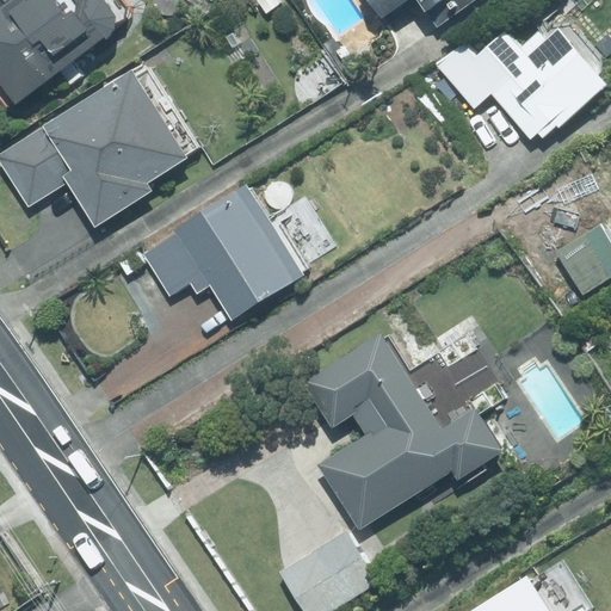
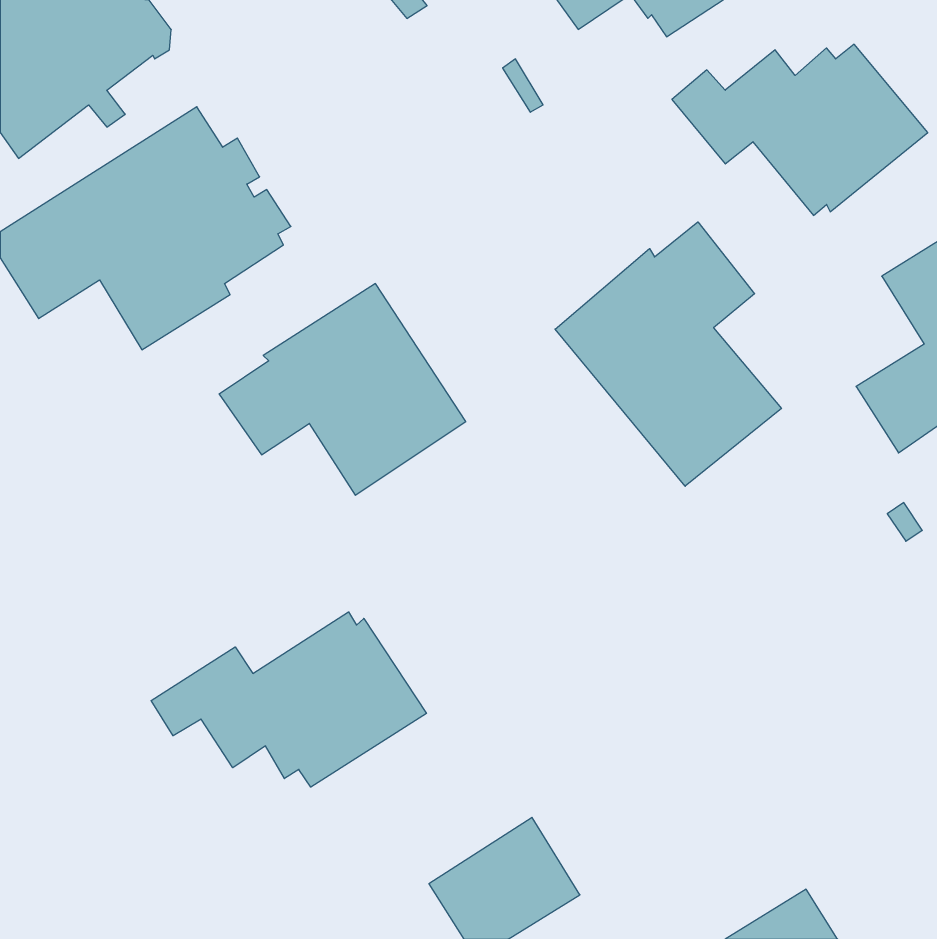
building: none -> [555,222,781,486]
building: [303,333,501,529] -> none
building: none -> [151,612,426,787]

